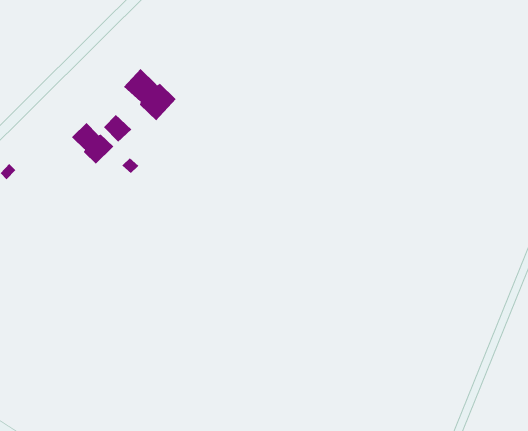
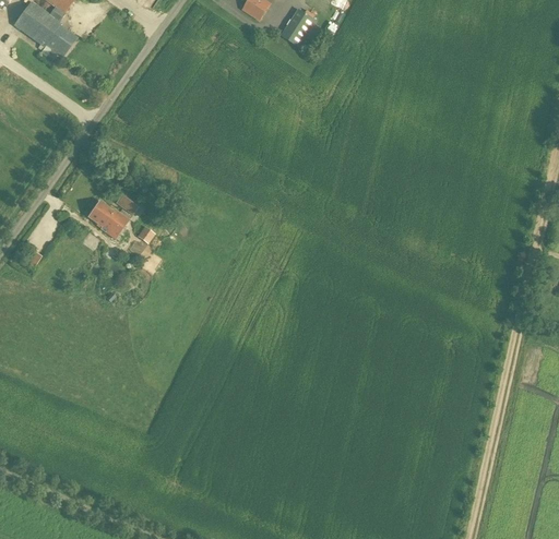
building: [123,68,177,121] -> none

